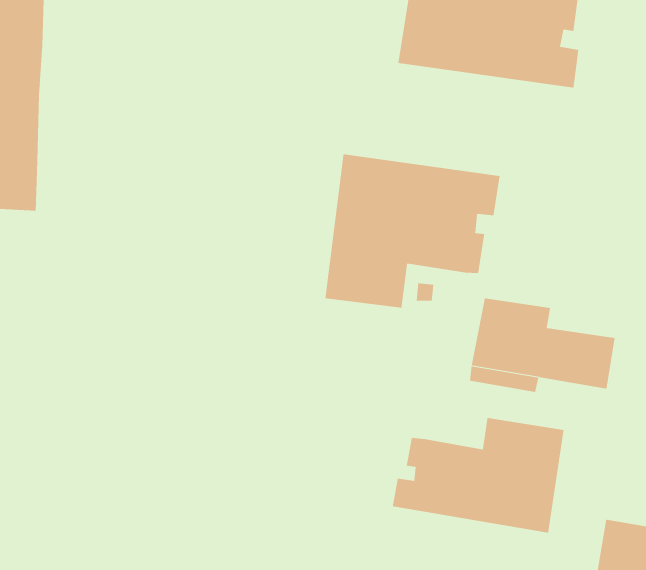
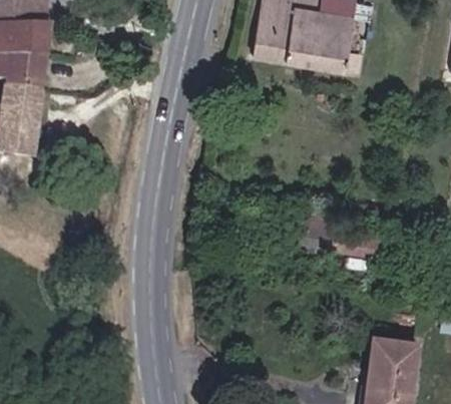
building: [325,153,500,309] -> none
building: [392,417,564,534] -> none

